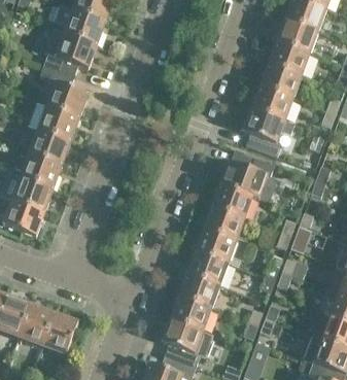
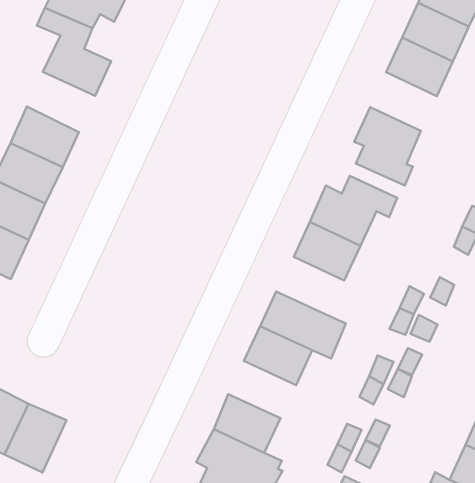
building: [251,87,292,122] -> none
building: [26,100,78,140] -> none
building: [202,207,255,246] -> none
building: [177,275,219,309] -> none

